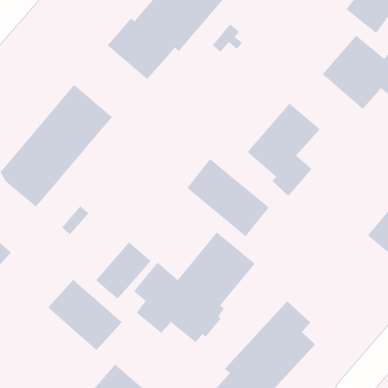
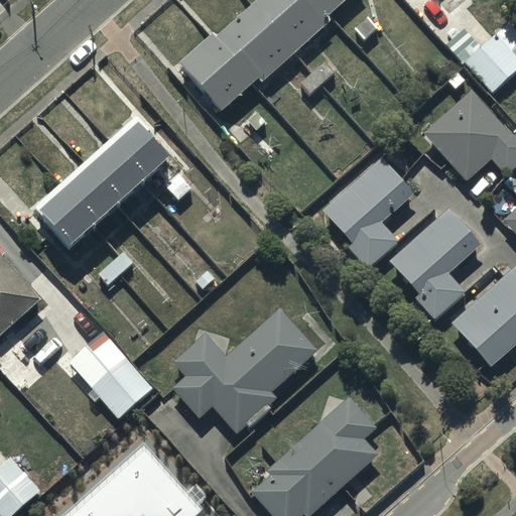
building: none -> [389,215,479,324]
building: [186,158,269,237] -> none
building: [95,242,152,299] -> none

